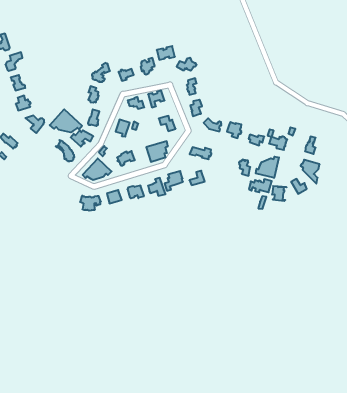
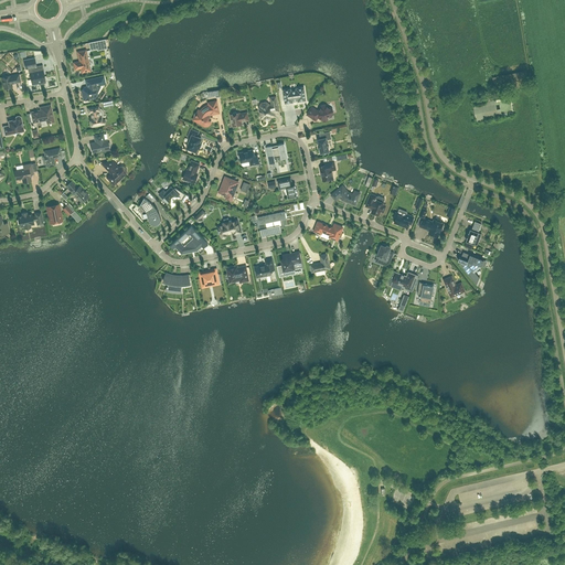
building: [50,109,82,132] -> none
building: [256,157,279,178] -> none

